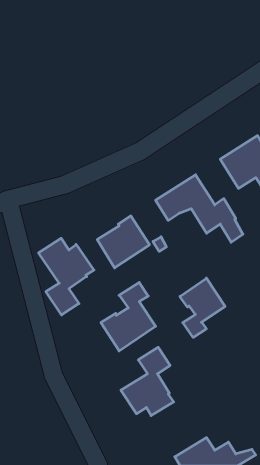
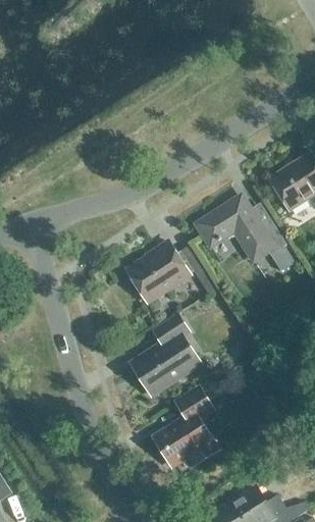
building: [39,238,94,315] -> none
building: [180,278,225,337] -> none

